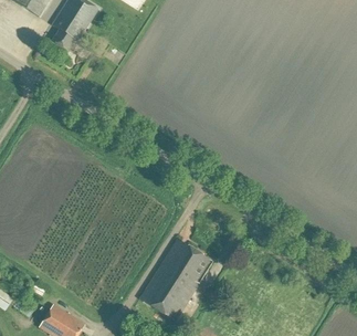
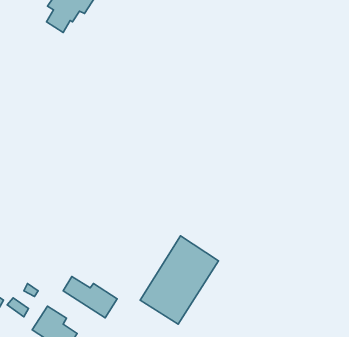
building: none -> [63,276,117,318]

